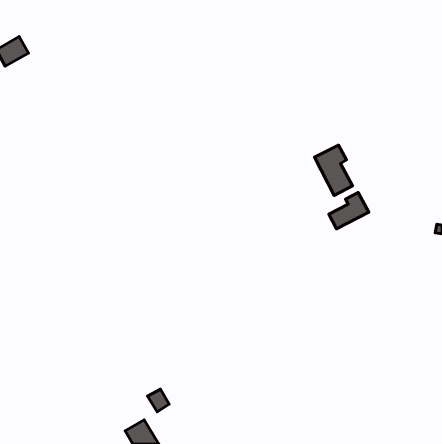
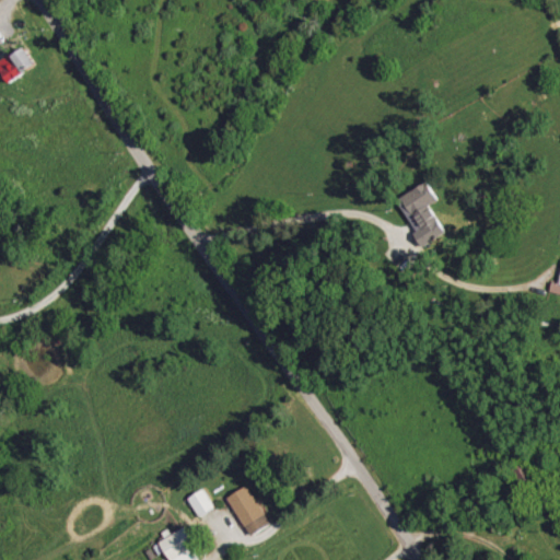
building: [329,193,369,229] -> none
building: none -> [225,486,269,537]

